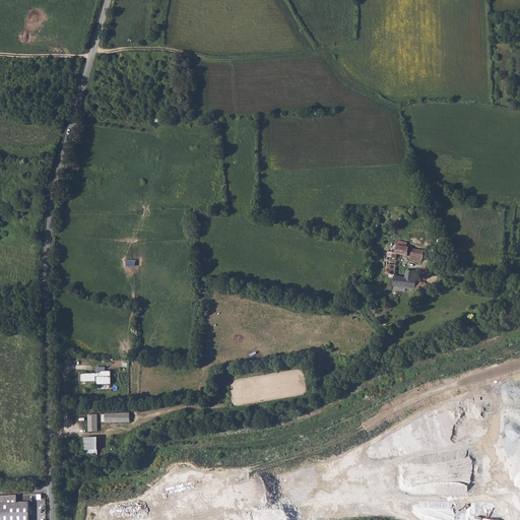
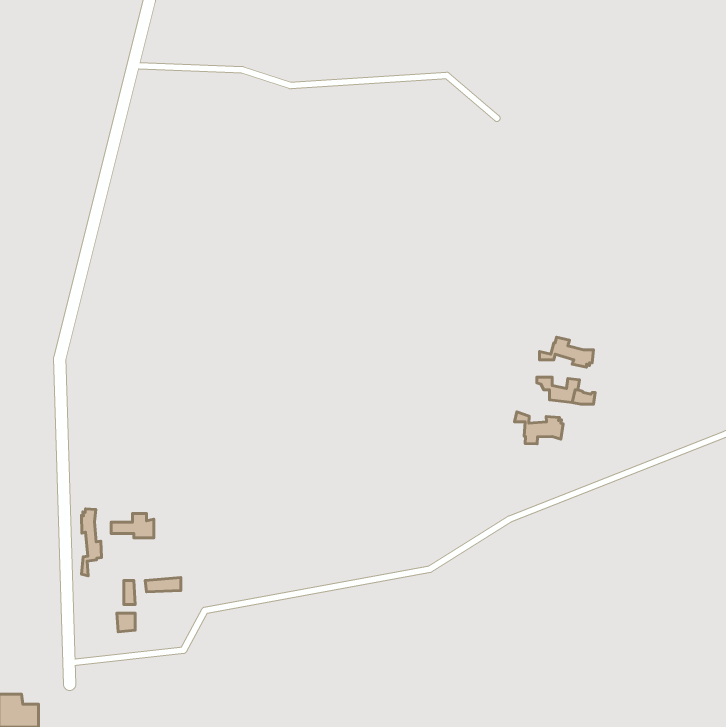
building: none -> [514,412,563,444]
building: none -> [81,509,101,576]

